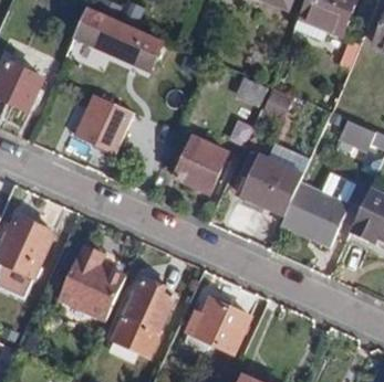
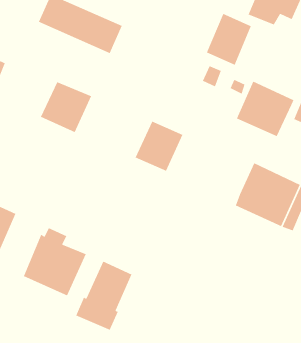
building: none -> [206,13,252,66]
building: [240,155,301,213] -> [236,81,294,137]
building: [187,299,249,352] -> none

